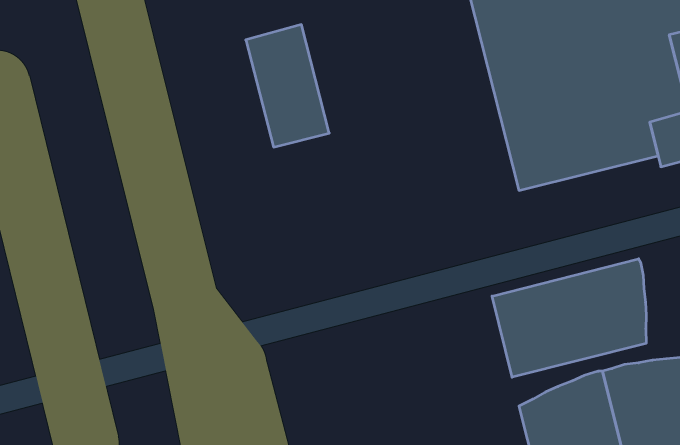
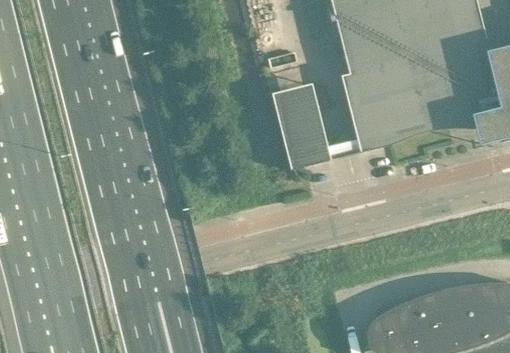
building: [246,25,329,147] -> [272,82,332,170]
building: [492,259,646,377] -> none

